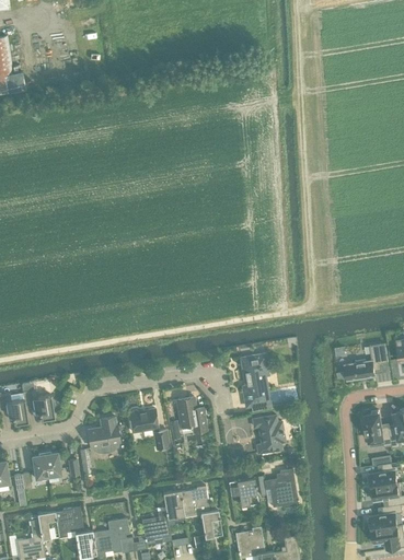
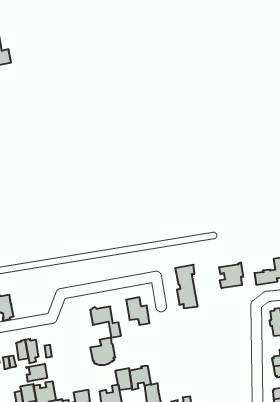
building: none -> [219,262,243,288]
building: [22,388,55,422] -> none
building: [252,415,284,452] -> none
building: [86,416,119,452] -> [90,337,115,365]
building: [263,468,298,508] -> none
building: [228,477,257,505] -> none
building: none -> [26,364,47,382]

